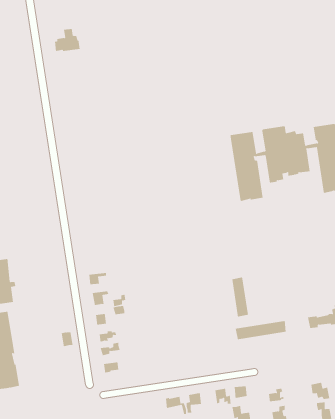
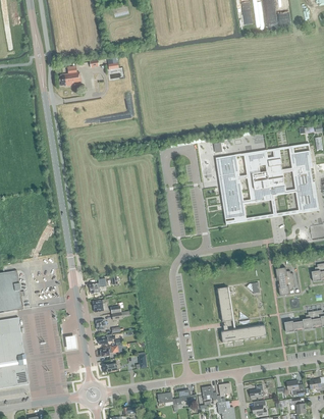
building: none -> [275,267,294,296]

